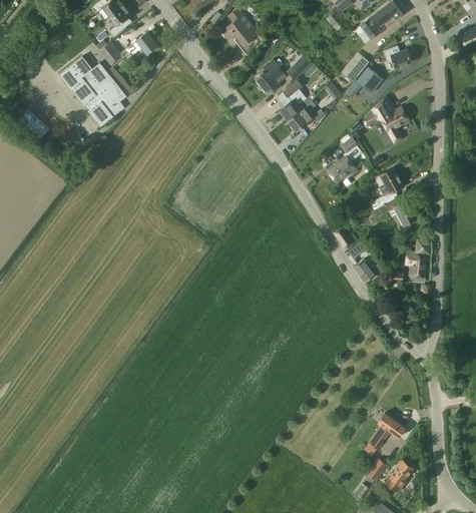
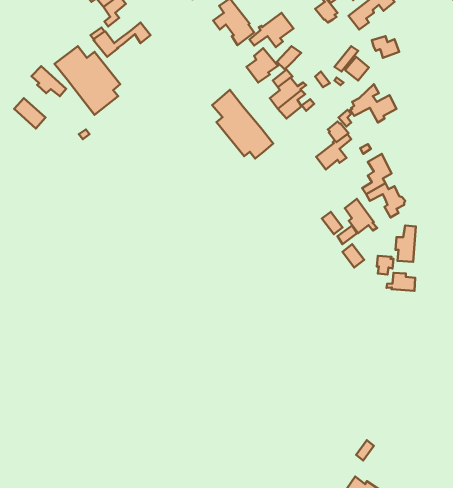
building: none -> [249,13,294,47]
building: none -> [31,66,66,96]
building: none -> [212,90,273,158]
building: none -> [345,199,377,233]
building: none -> [386,273,415,291]
building: [370,414,406,449] -> none
building: [386,461,414,493] -> none

